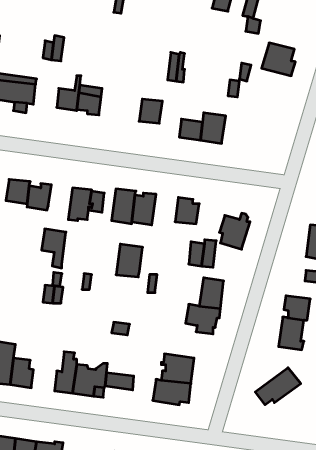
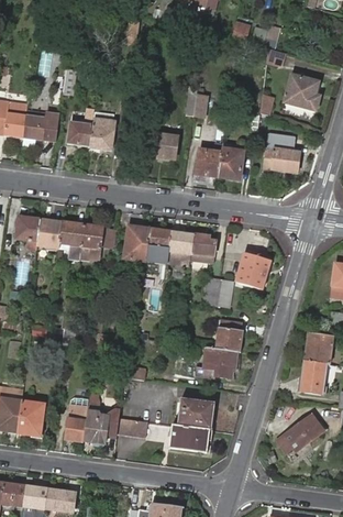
building: none -> [263,132,300,173]
building: [42,229,66,268] -> [60,221,86,262]
building: [116,244,143,277] -> [168,231,196,265]

